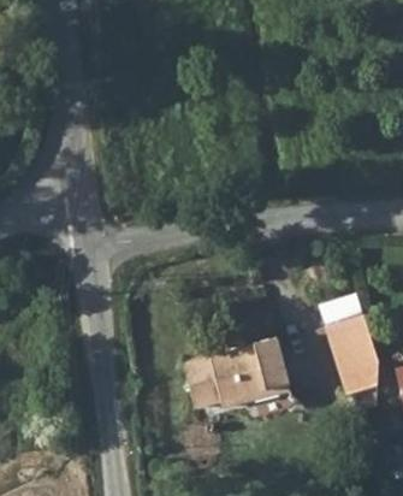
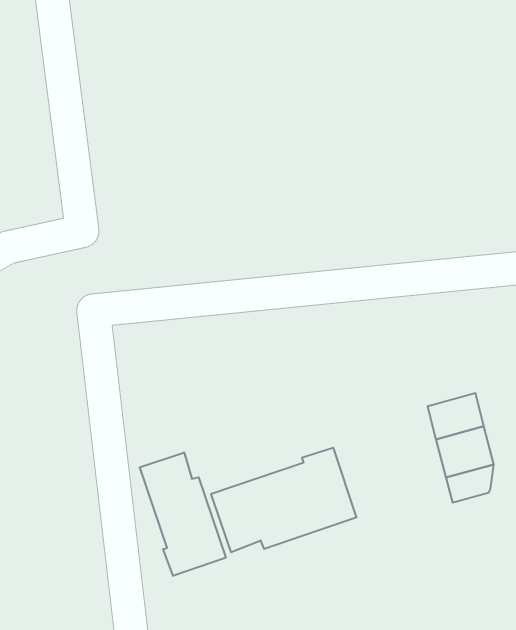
building: none -> [140,452,226,576]

